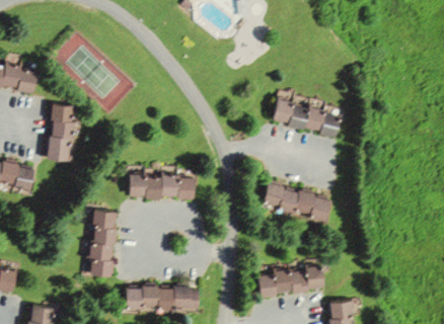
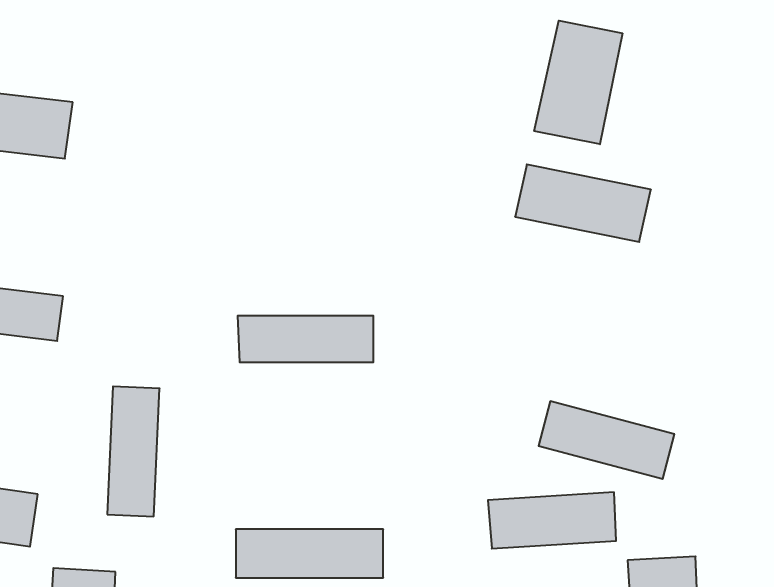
building: none -> [534,21,622,144]
building: [49,103,83,160] -> none
building: [261,181,331,222] -> [539,401,674,479]
building: [88,209,116,276] -> [107,386,160,516]

